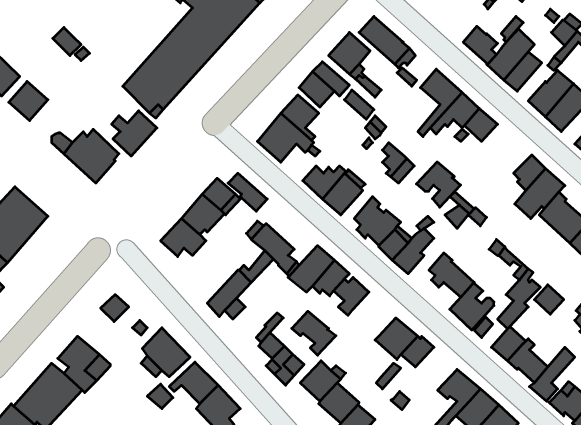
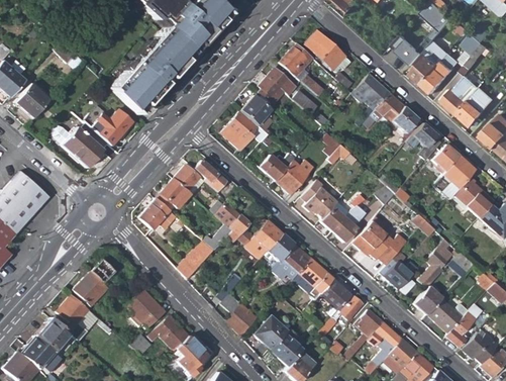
building: [416,162,461,207] -> [405,123,441,161]
building: none -> [73,271,108,306]
building: [292,311,336,355] -> [299,258,335,294]
building: none -> [345,308,385,360]

